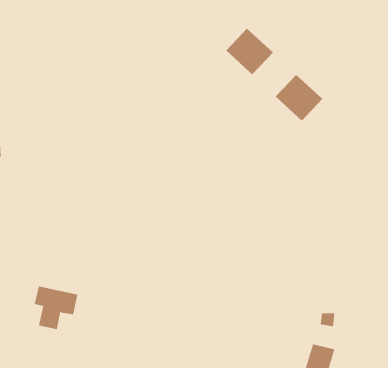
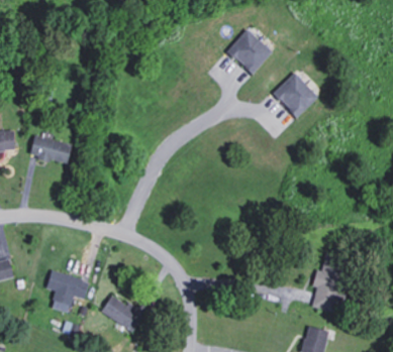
building: none -> [30,135,72,163]
building: none -> [312,269,338,294]
building: none -> [102,297,143,333]

